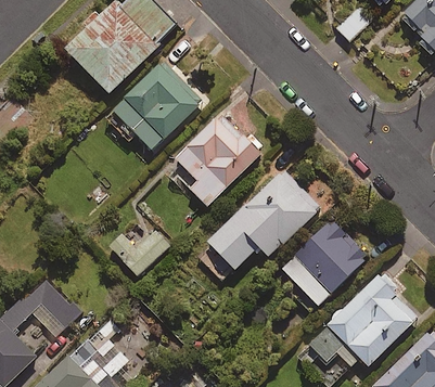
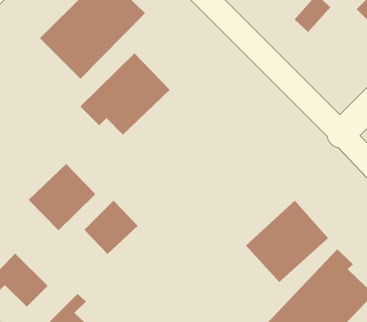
building: [175,112,261,205] -> none
building: [207,170,317,270] -> none
building: none -> [28,163,96,231]

